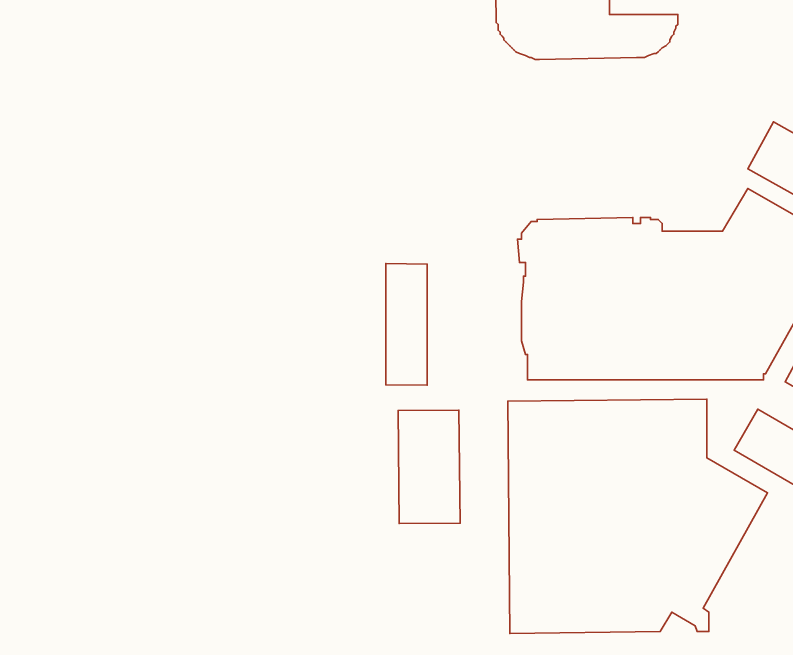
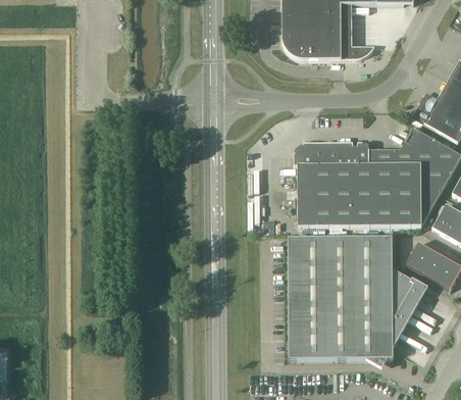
building: [386,264,427,385] -> none
building: [398,410,460,523] -> none

